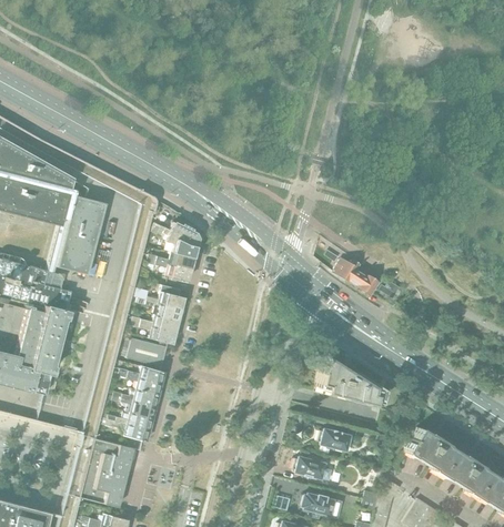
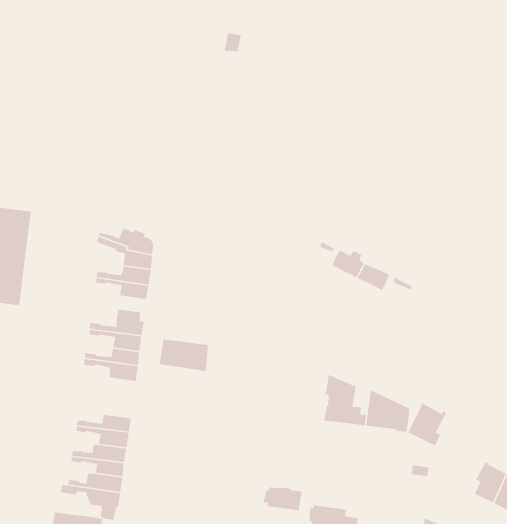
building: [128,338,169,368] -> [159,338,209,372]
building: [405,428,439,464] -> [407,403,447,446]
building: [319,429,351,452] -> [263,486,303,511]

